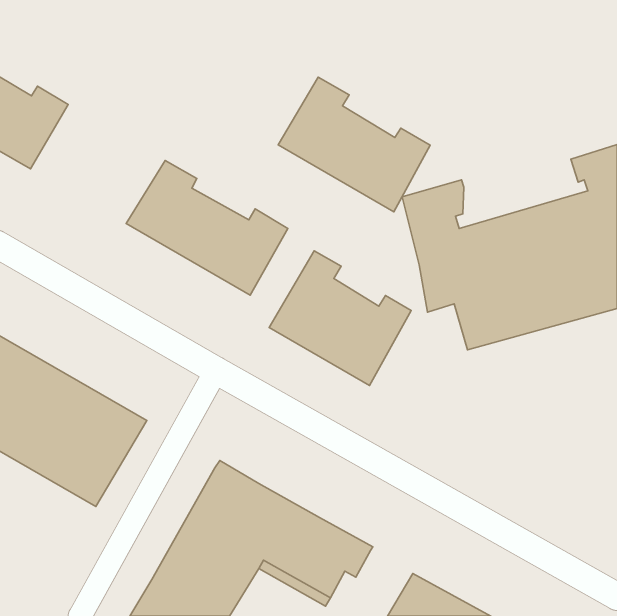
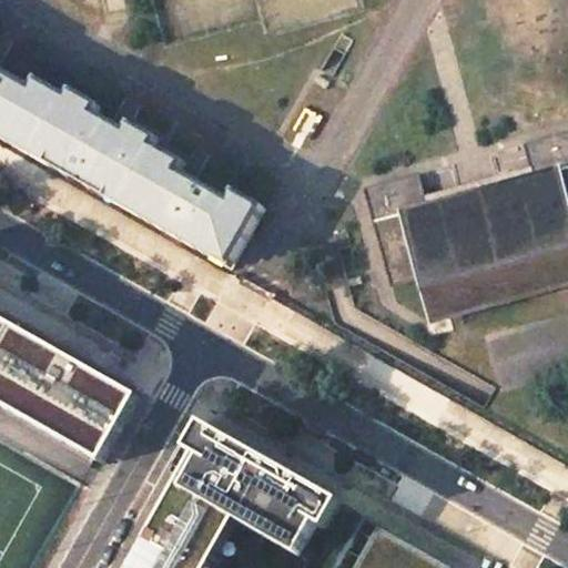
building: [278,77,430,212] -> none
building: none -> [28,89,154,204]
building: [269,251,411,386] -> none

